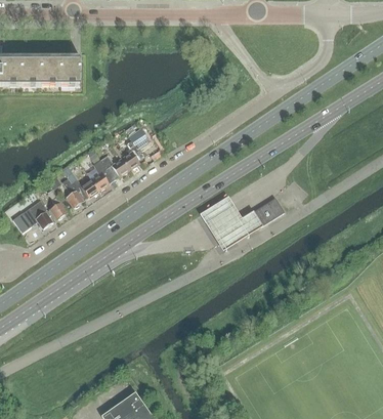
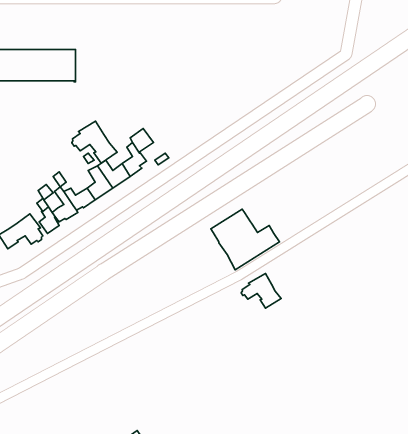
building: none -> [72,121,117,163]
building: [251,195,284,224] -> none
building: none -> [241,273,281,308]

